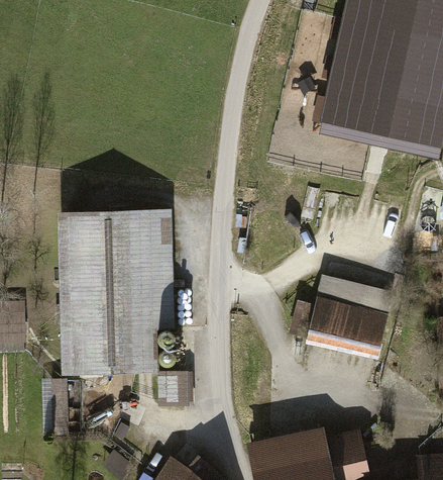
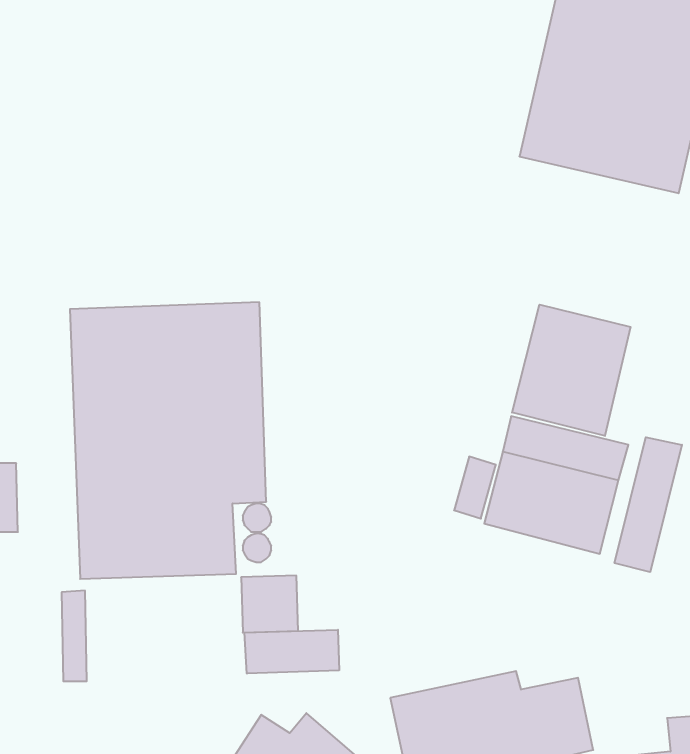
building: none -> [512,305,631,436]
building: none -> [615,437,682,572]
building: none -> [245,630,339,674]

